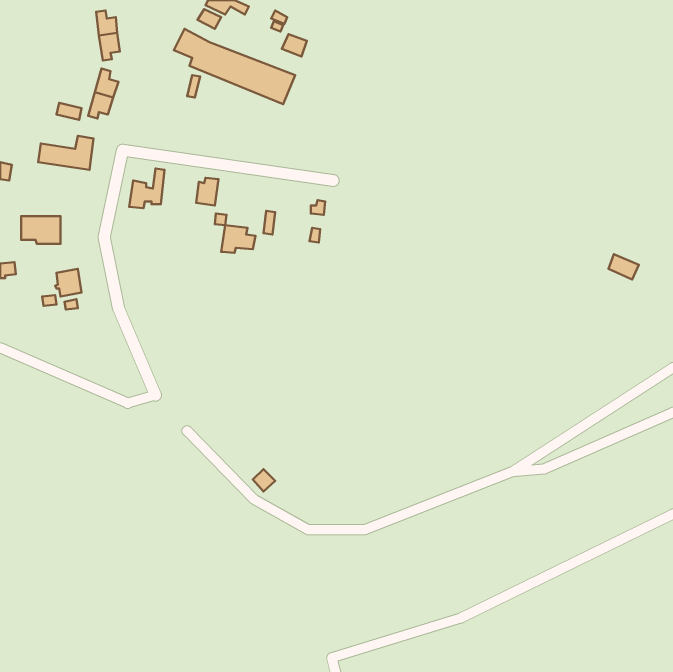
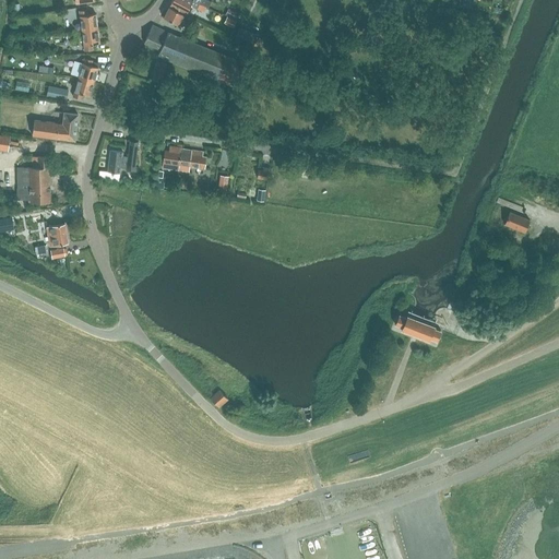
building: none -> [16,157,50,180]
building: [221,225,256,253] -> [178,150,206,173]
building: none -> [394,314,440,342]

